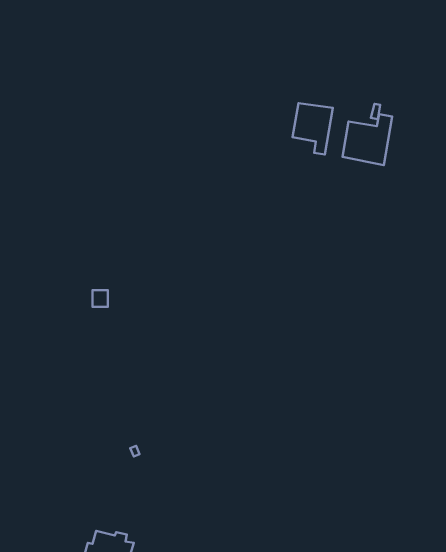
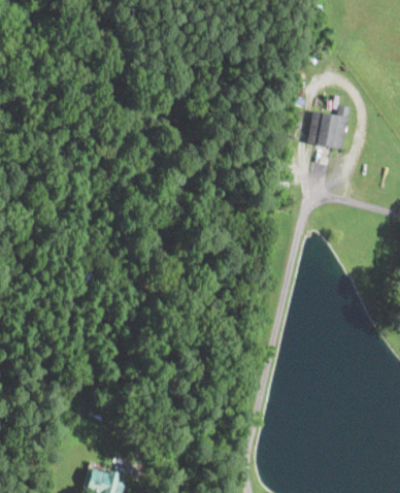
building: [292,103,333,155] -> none

